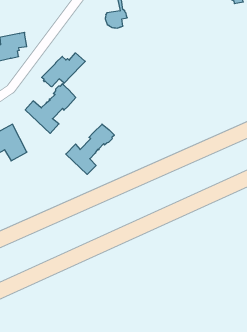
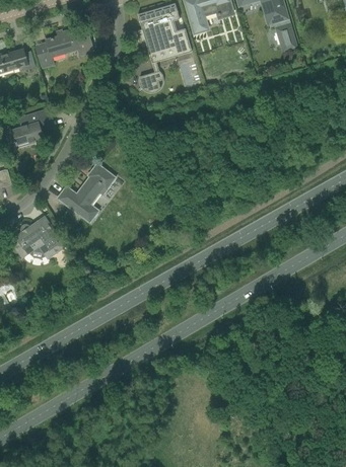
building: [42,53,85,87] -> none
building: [66,124,114,174] -> none

